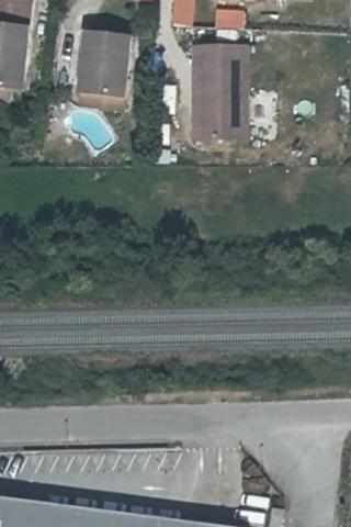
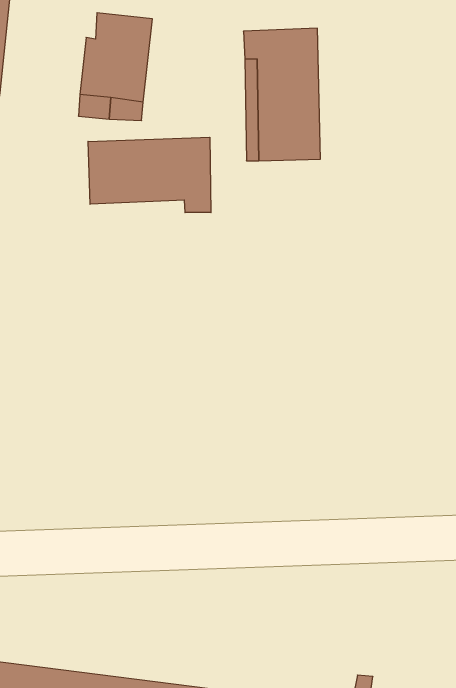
building: none -> [88,137,211,213]

